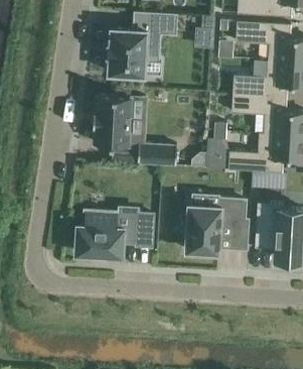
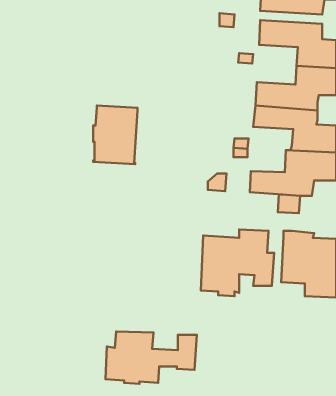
building: [107,12,176,77] -> none
building: [137,143,176,166] -> none
building: [75,212,154,257] -> [106,331,197,384]

